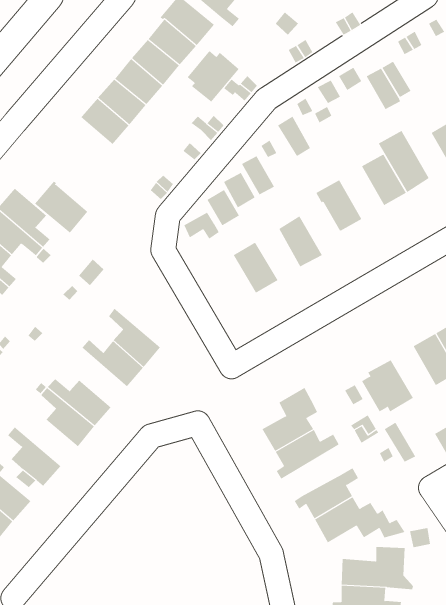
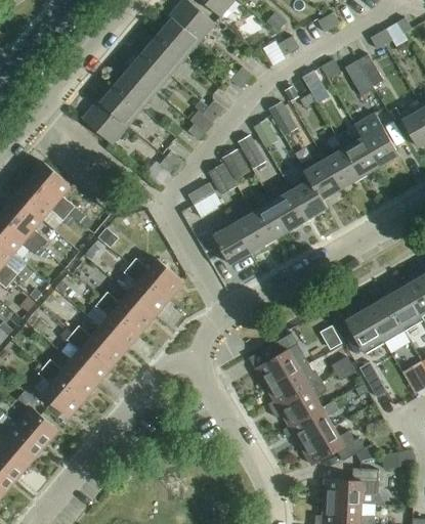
building: [187,50,240,102] -> none
building: none -> [322,144,359,189]
building: [34,181,88,233] -> [82,99,128,144]
building: none -> [288,175,328,220]
building: none -> [250,198,288,242]
building: none -> [211,220,250,265]
building: none -> [129,258,184,299]
building: none -> [366,298,403,342]
building: none -> [95,299,140,350]
building: none -> [44,359,98,400]
building: none -> [271,382,327,426]

